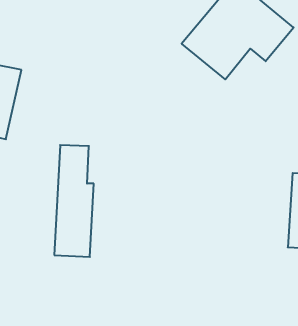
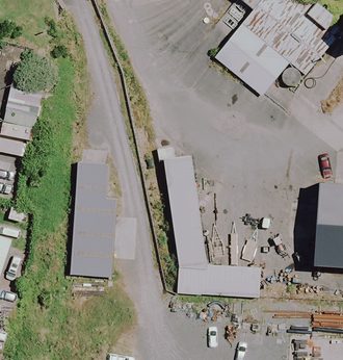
building: none -> [160,154,258,294]

